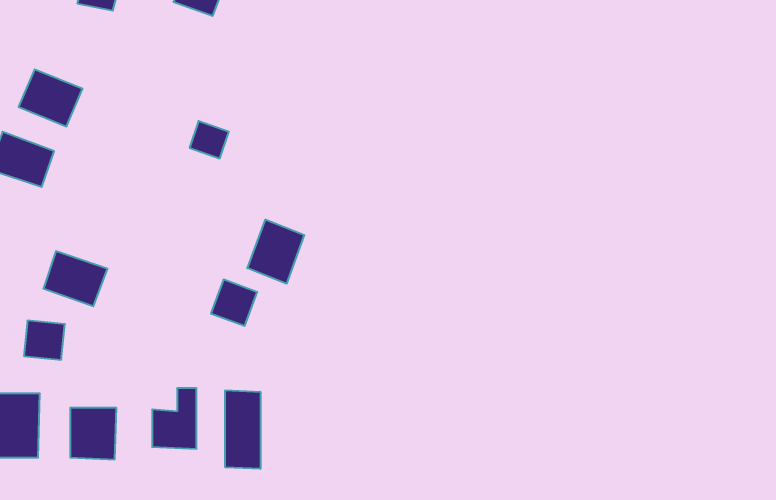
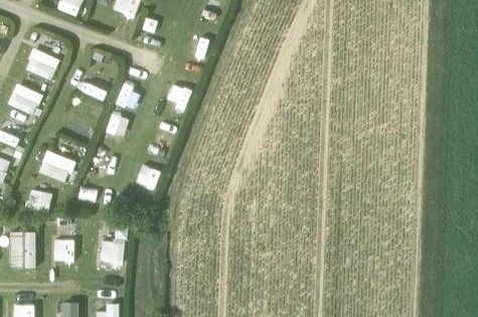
building: [247,220,304,284] -> none
building: [225,390,260,469] -> none

